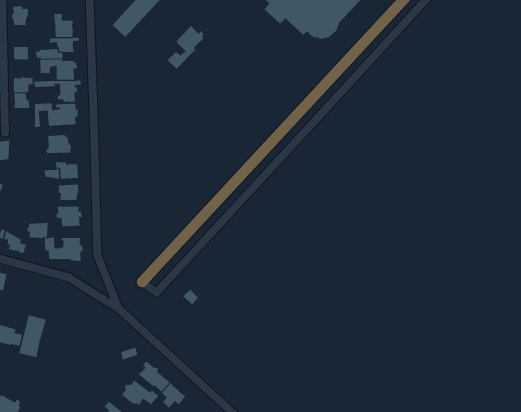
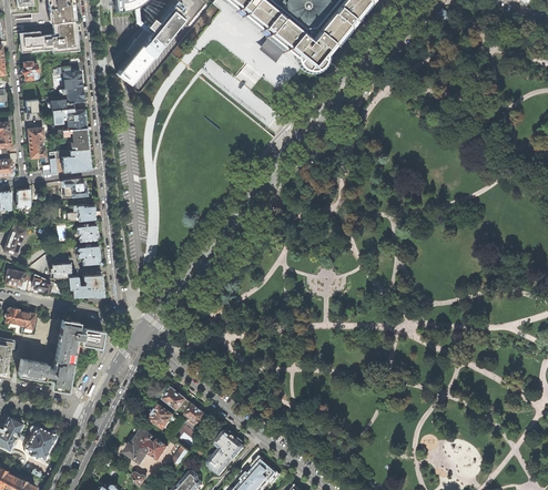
building: [167,25,206,70] -> none
building: none -> [57,319,103,353]

